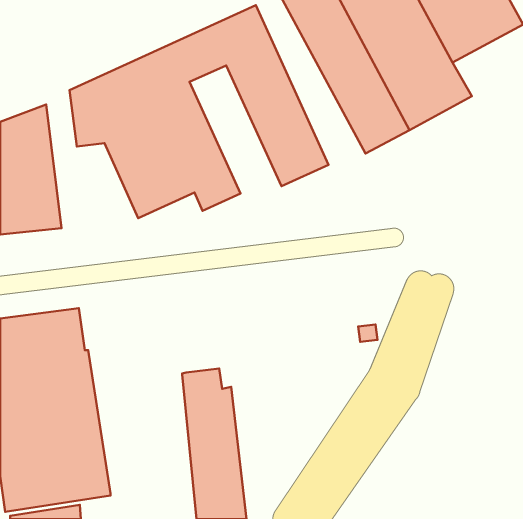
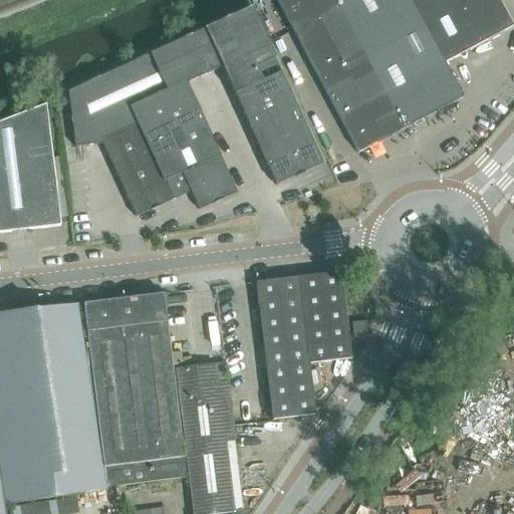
building: none -> [257,269,351,417]
building: none -> [83,290,188,484]

